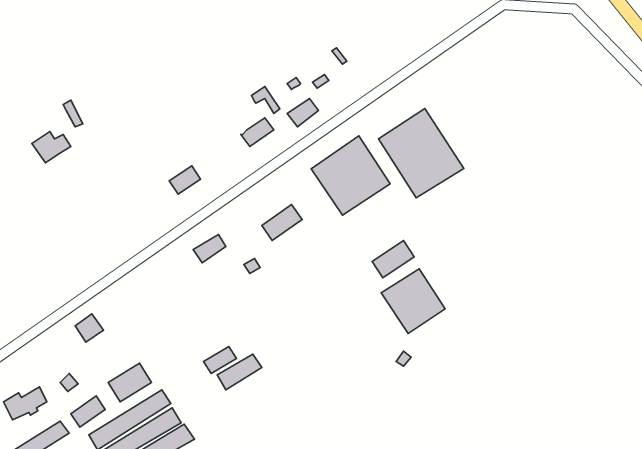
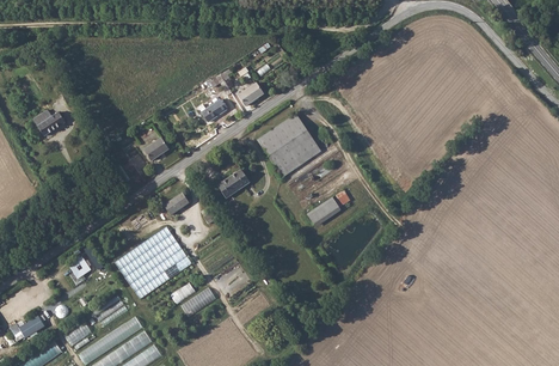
building: [378,109,464,198] -> none
building: [381,269,445,333] -> none
building: none -> [116,227,192,298]

